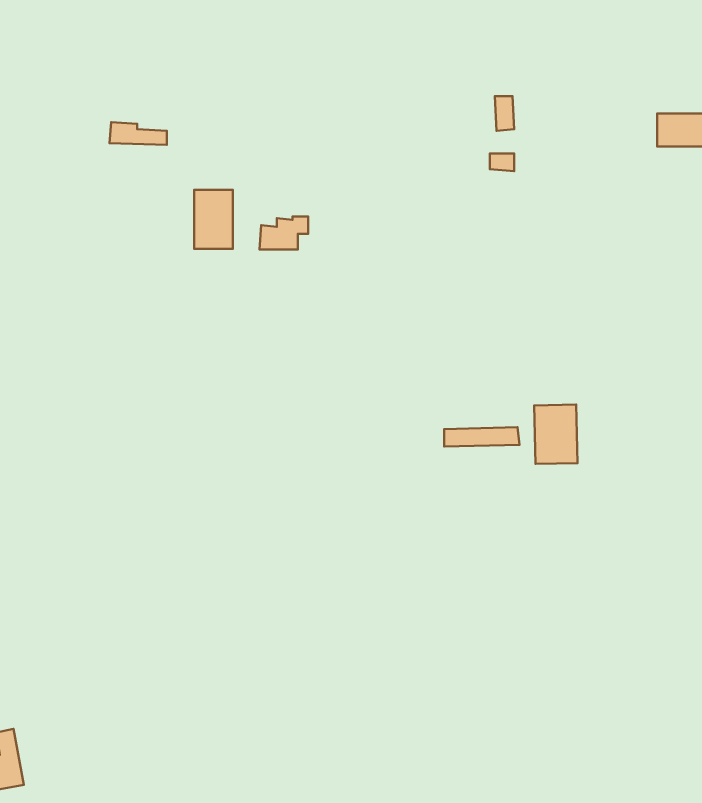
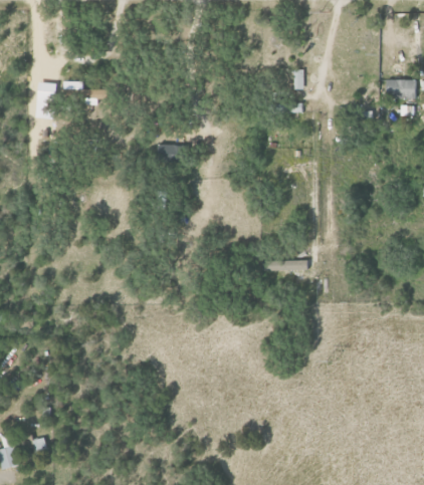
building: [194,190,233,249] -> none
building: [534,405,578,464] -> none

